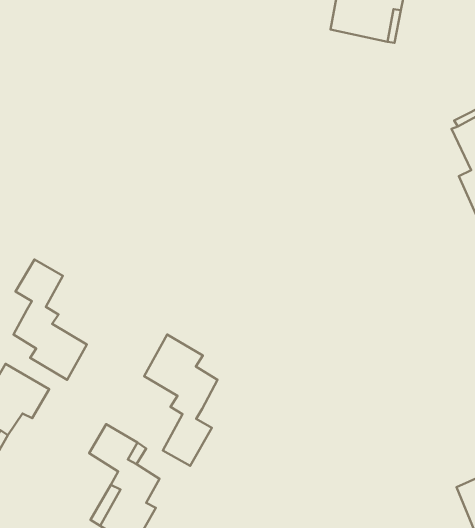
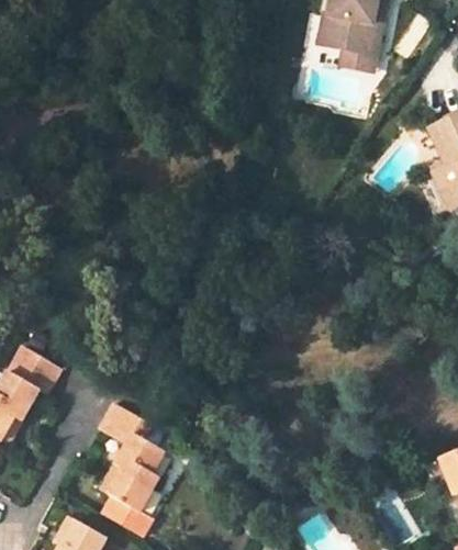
building: [13,259,87,380] -> none
building: [144,334,218,466] -> none

